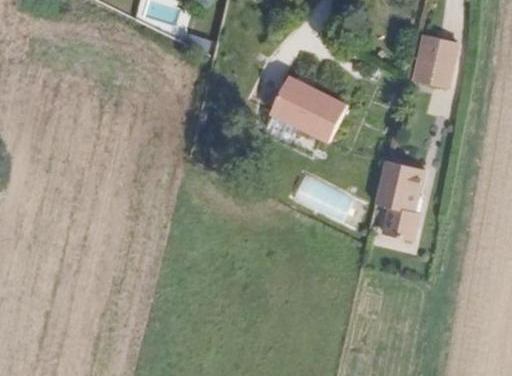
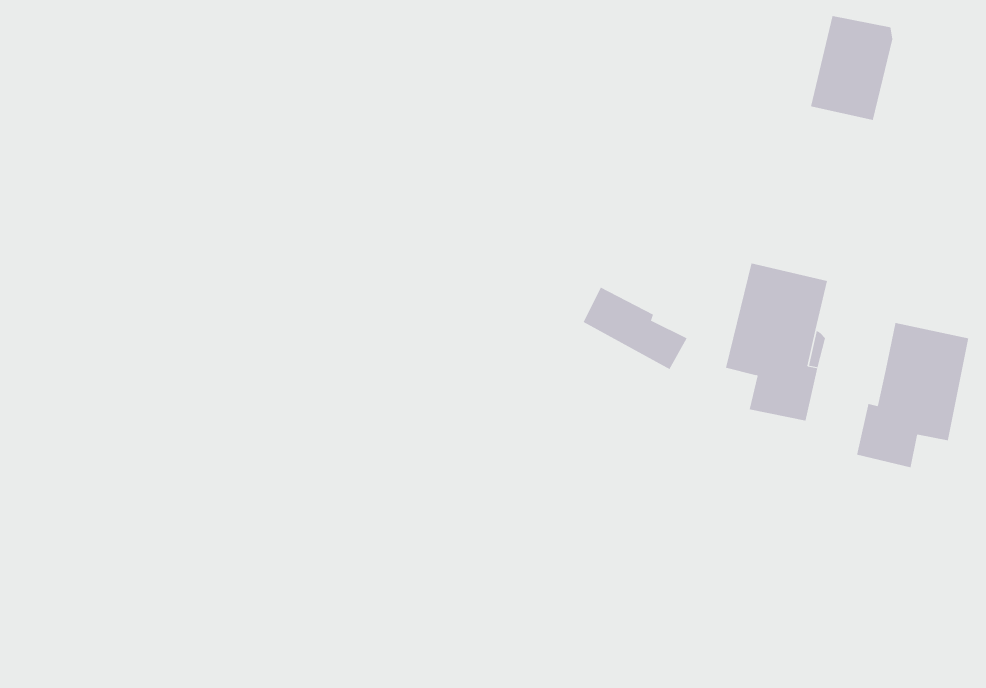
building: [270,75,346,141] -> none
building: none -> [857,322,969,468]

